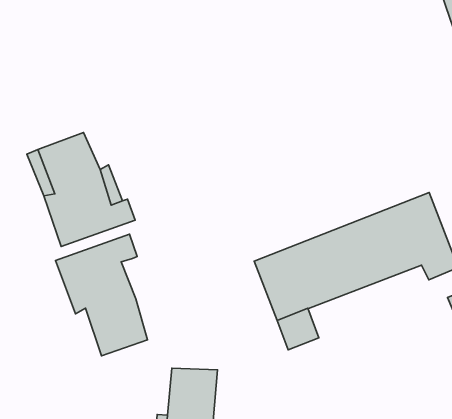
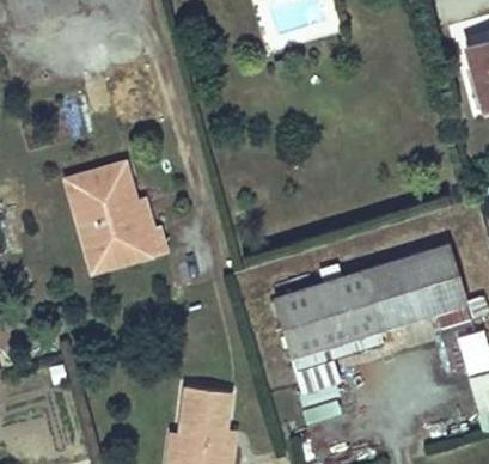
building: [56,234,147,356] -> none

